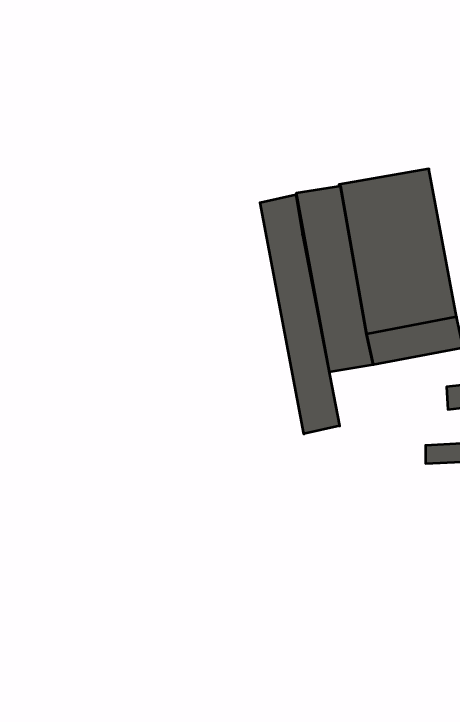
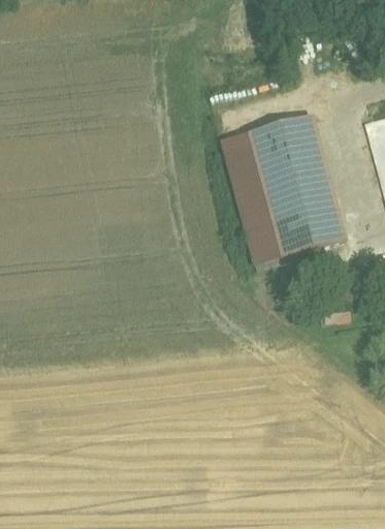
building: [260,195,340,434] -> none

